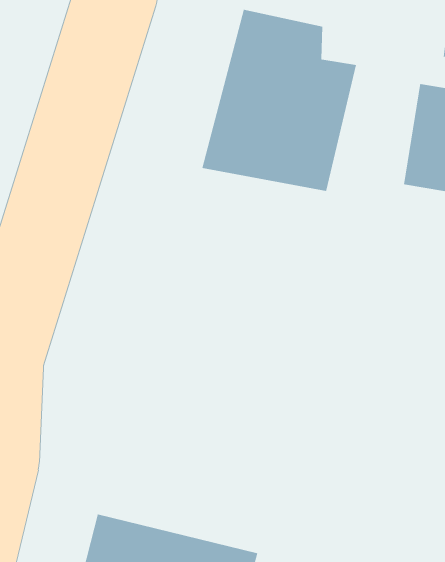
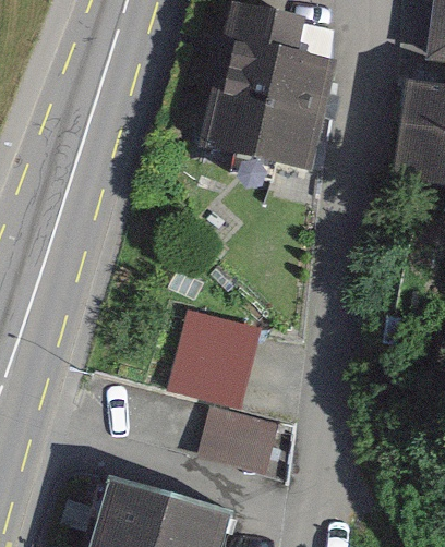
building: none -> [166,306,261,406]
building: none -> [195,405,281,473]

